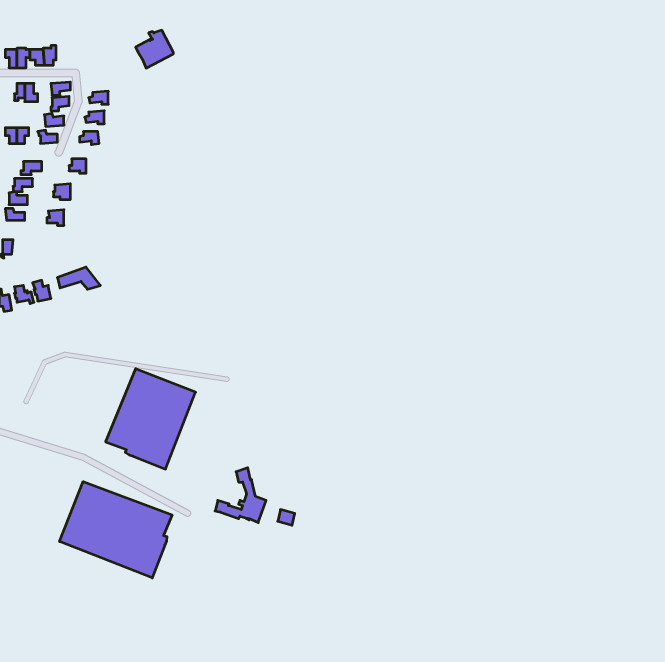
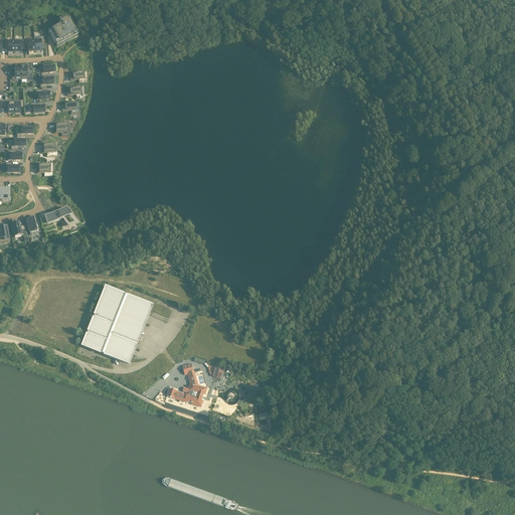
building: [136,30,173,68] -> [47,16,76,45]
building: [60,482,172,578] -> none

